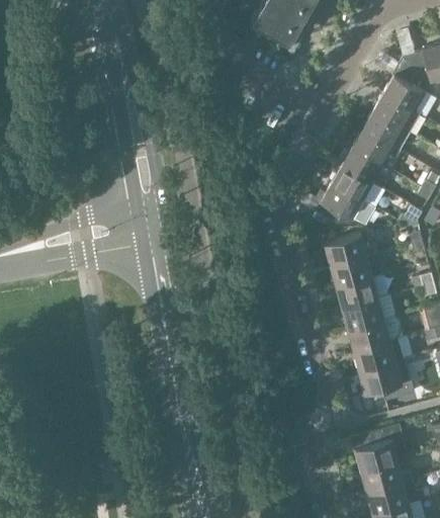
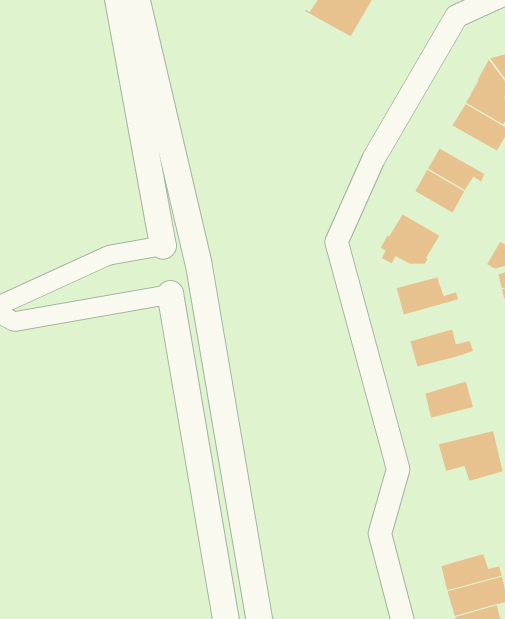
building: [361,112,409,152] -> none
building: [331,166,372,202] -> none
building: [332,255,382,288] -> none
building: [343,300,383,331] -> none
building: [354,340,406,372] -> none
building: [351,424,408,471] -> none

